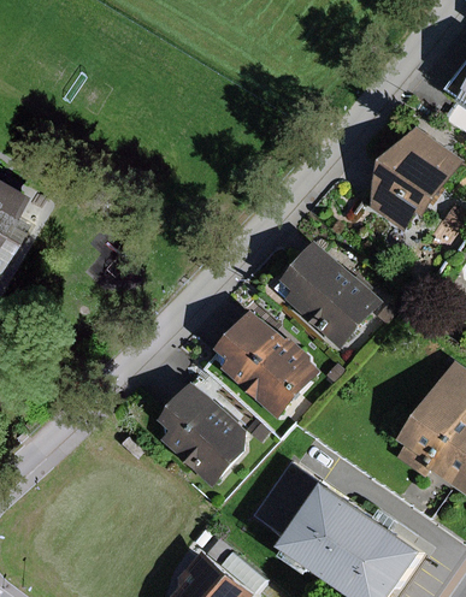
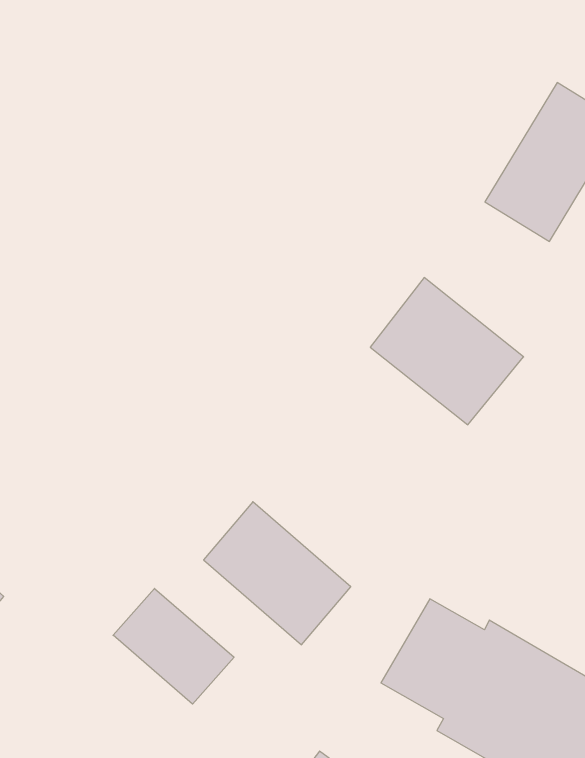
building: [217,314,317,414] -> none
building: none -> [113,588,234,704]

